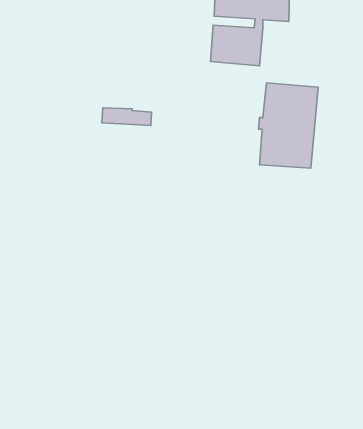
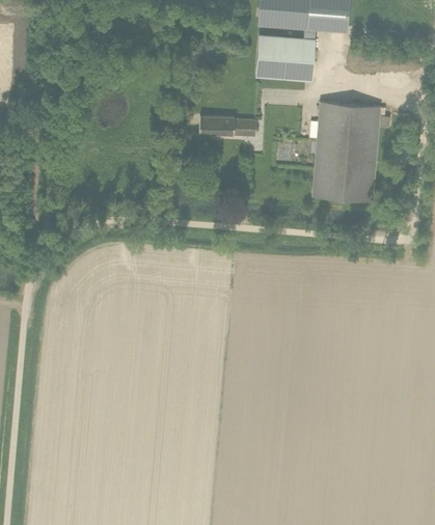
building: [102,108,152,126] -> [198,116,256,137]

